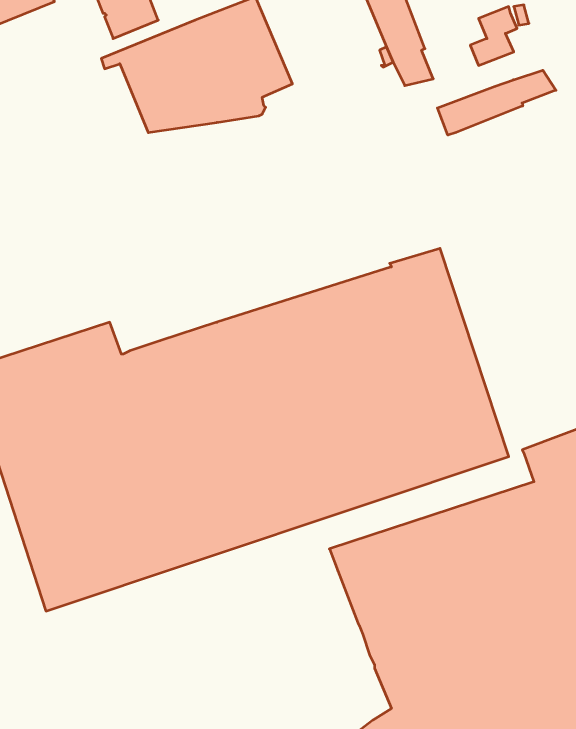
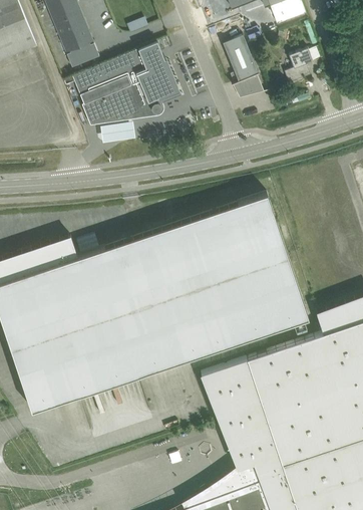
building: [437,70,556,135] -> none

